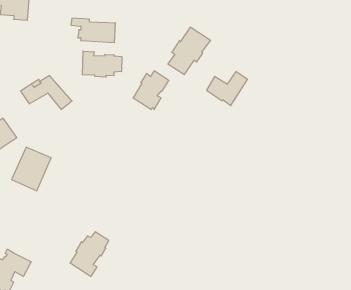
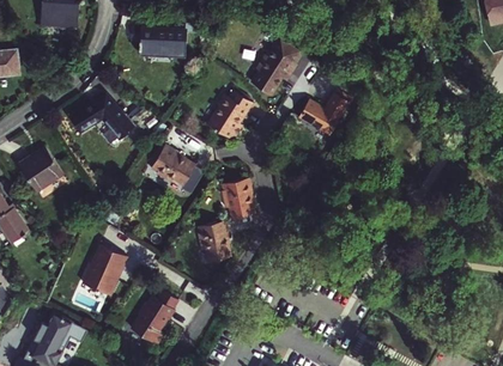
building: [82,51,122,77] -> none
building: none -> [152,145,196,187]
building: none -> [223,179,255,220]
building: [12,147,51,191] -> [80,244,129,298]
building: none -> [199,221,231,262]

